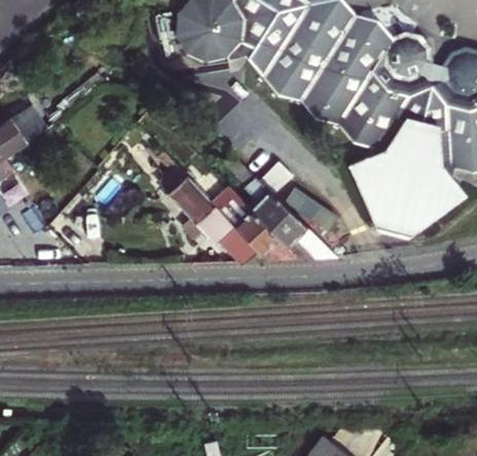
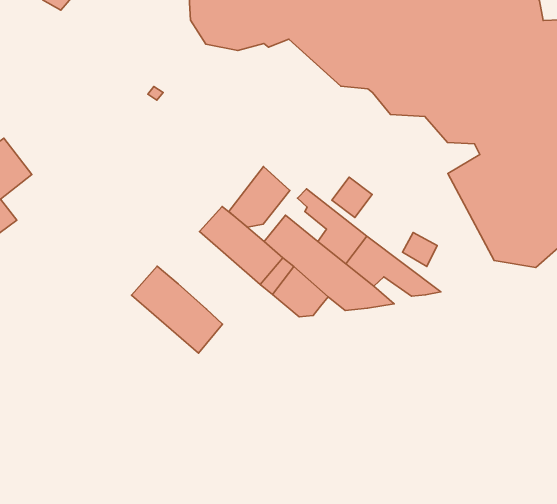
building: none -> [229,167,290,227]
building: none -> [132,266,223,353]

